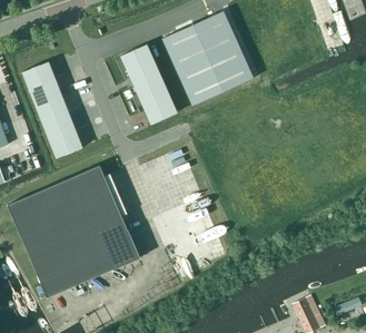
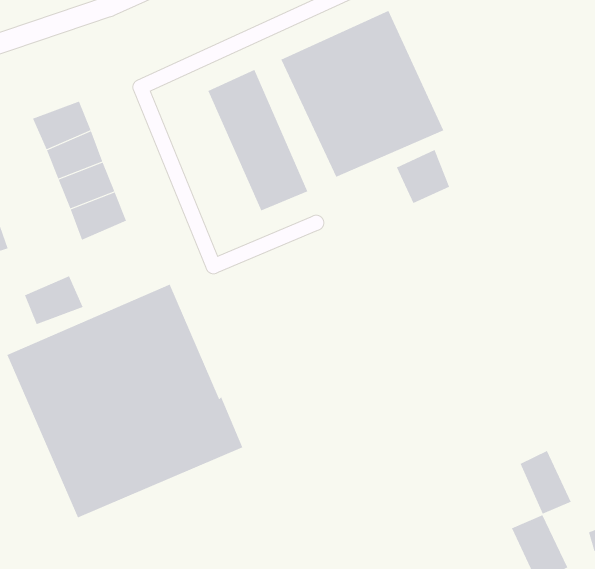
building: none -> [396,149,450,204]
building: [49,129,82,157] -> [24,276,83,325]
building: none -> [520,450,571,514]

